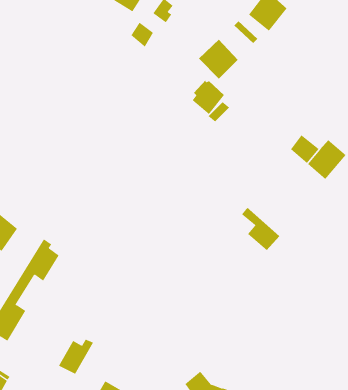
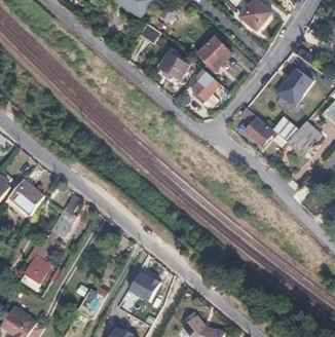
building: none -> [157,51,187,79]
building: none -> [275,67,312,105]
building: [241,207,280,251] -> [240,108,273,145]
building: none -> [129,270,159,299]

